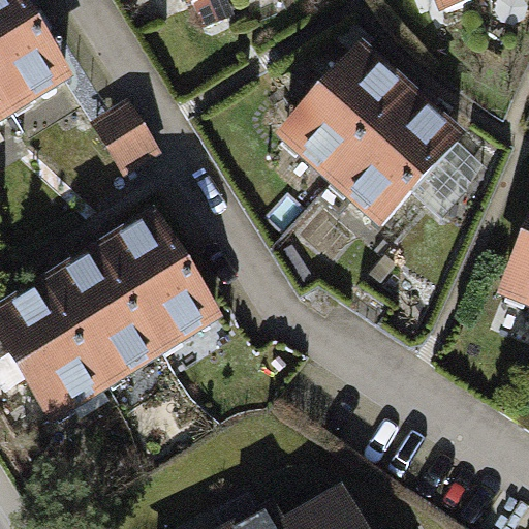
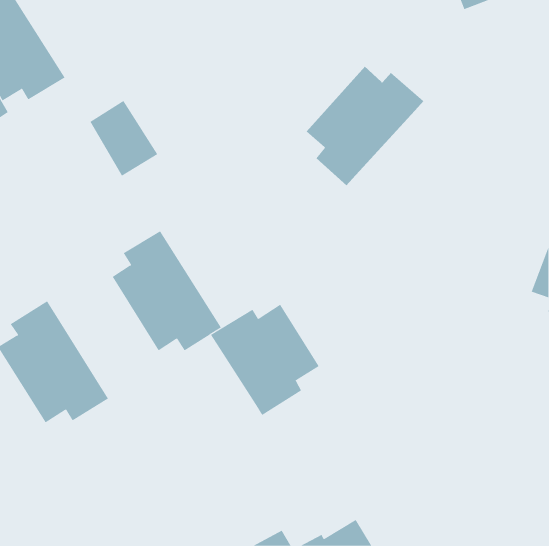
building: [342,106,456,221] -> none
building: [53,254,159,372] -> none
building: none -> [210,304,319,416]

